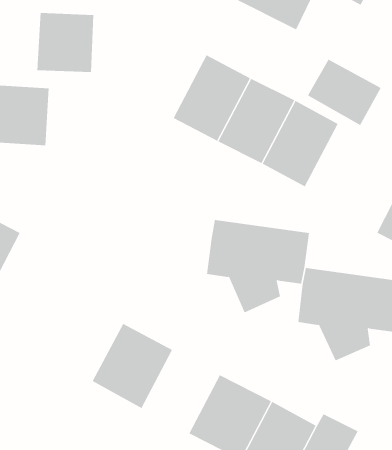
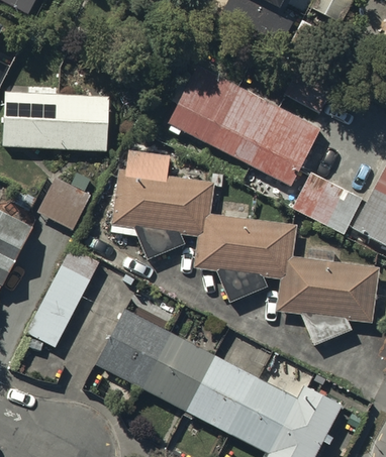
building: [36,12,94,73] -> [55,96,107,150]
building: [307,59,382,126] -> [294,172,362,232]
building: none -> [117,152,211,258]
building: none -> [39,179,90,228]
building: none -> [31,249,100,347]
building: none -> [141,333,212,409]

